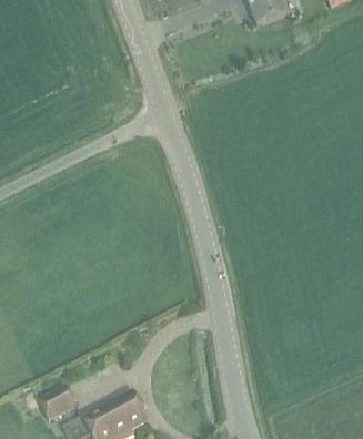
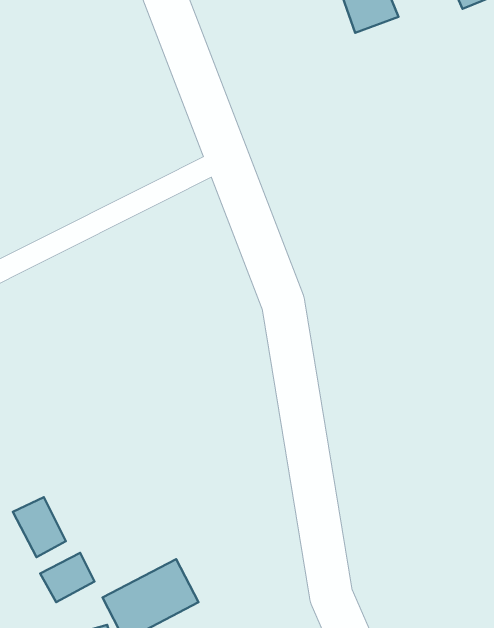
building: none -> [13,497,66,557]

